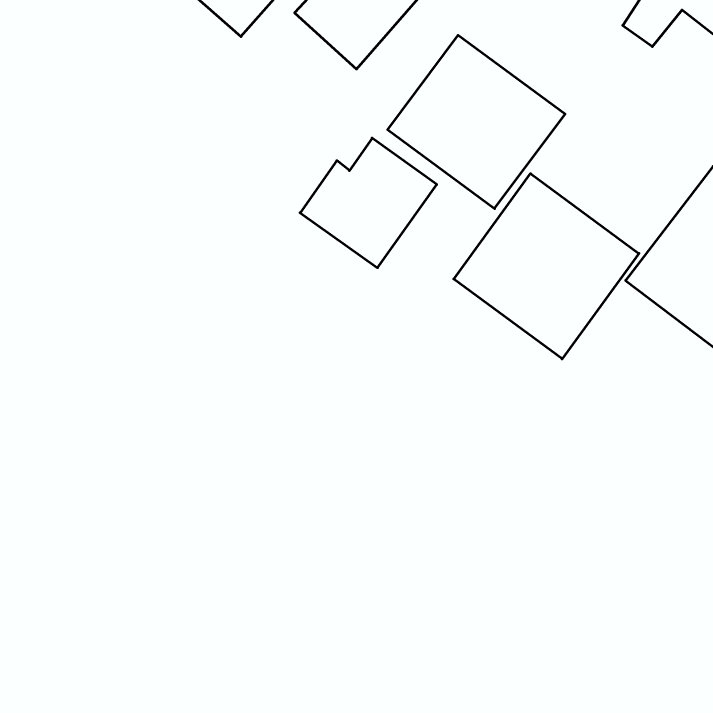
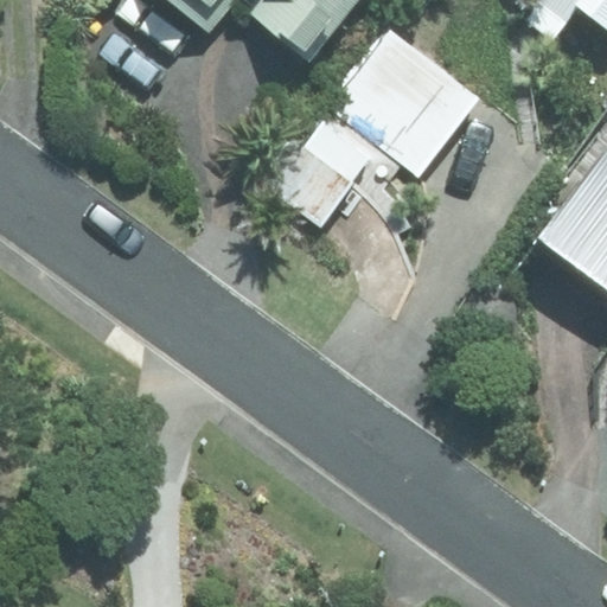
building: [454,174,639,359] -> none

